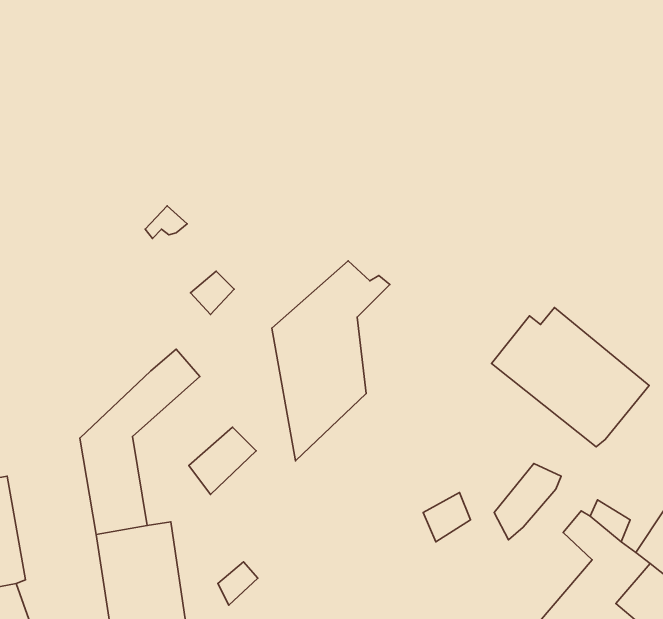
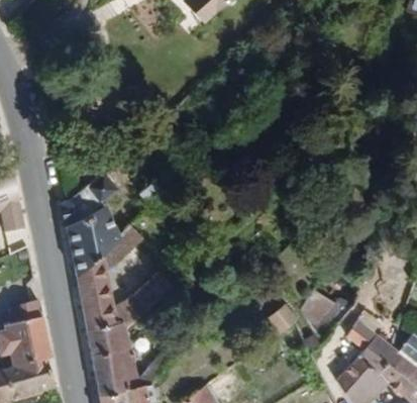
building: [272,261,390,461] -> [66,170,131,281]
building: [491,308,649,447] -> none

